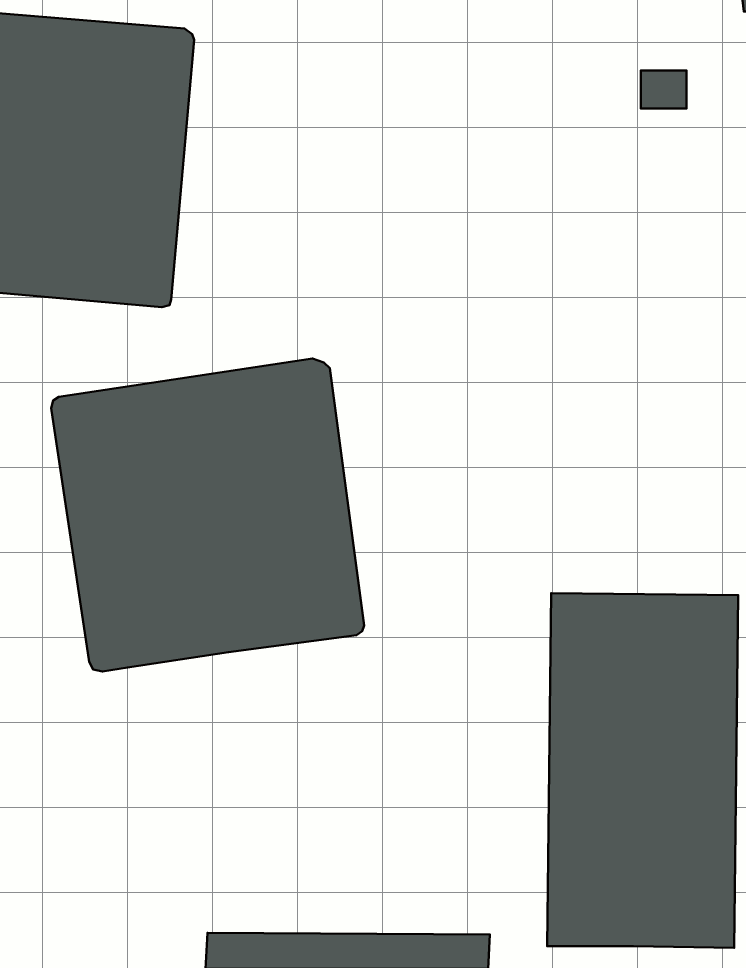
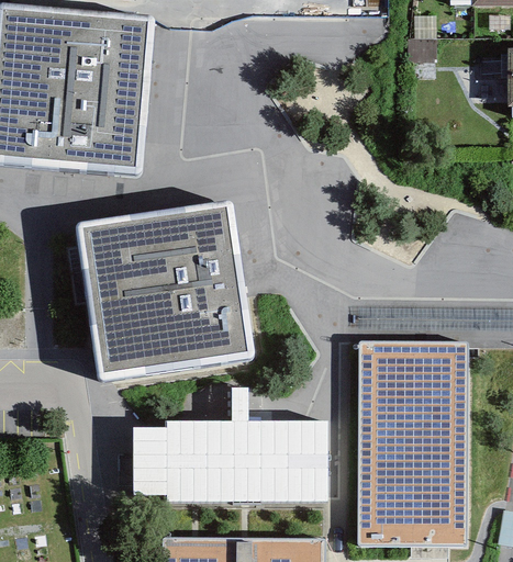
building: none -> [133,384,327,498]

